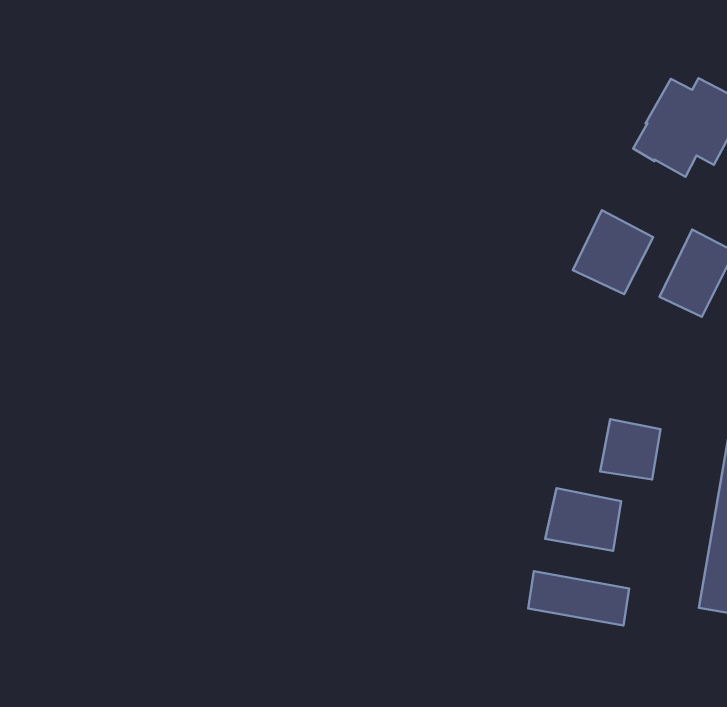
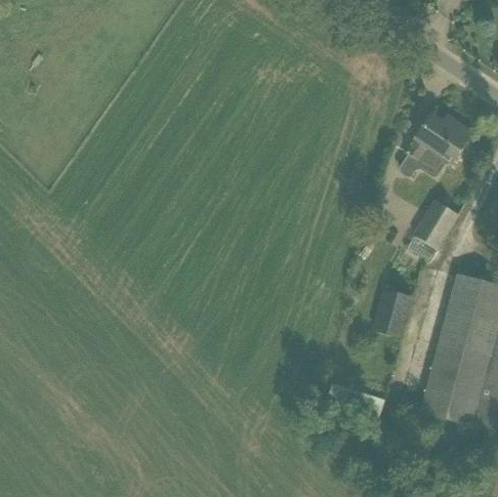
building: [573,210,653,294] -> none
building: [545,488,621,551] -> none

